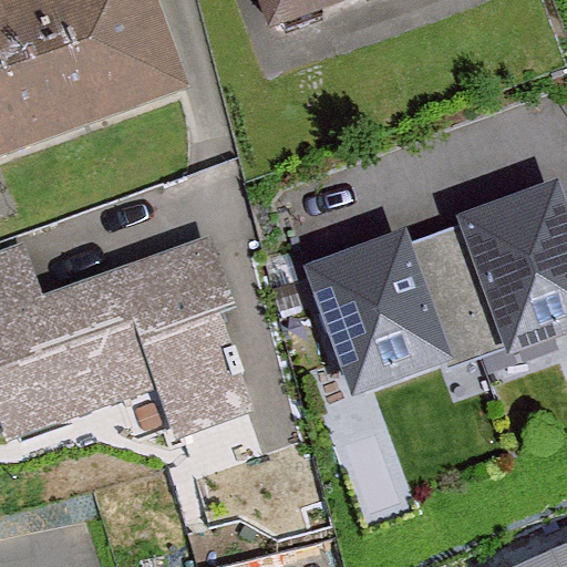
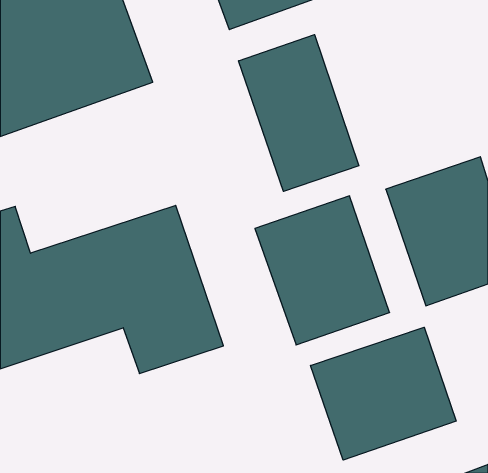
building: none -> [239,35,359,191]
building: none -> [311,327,456,460]

